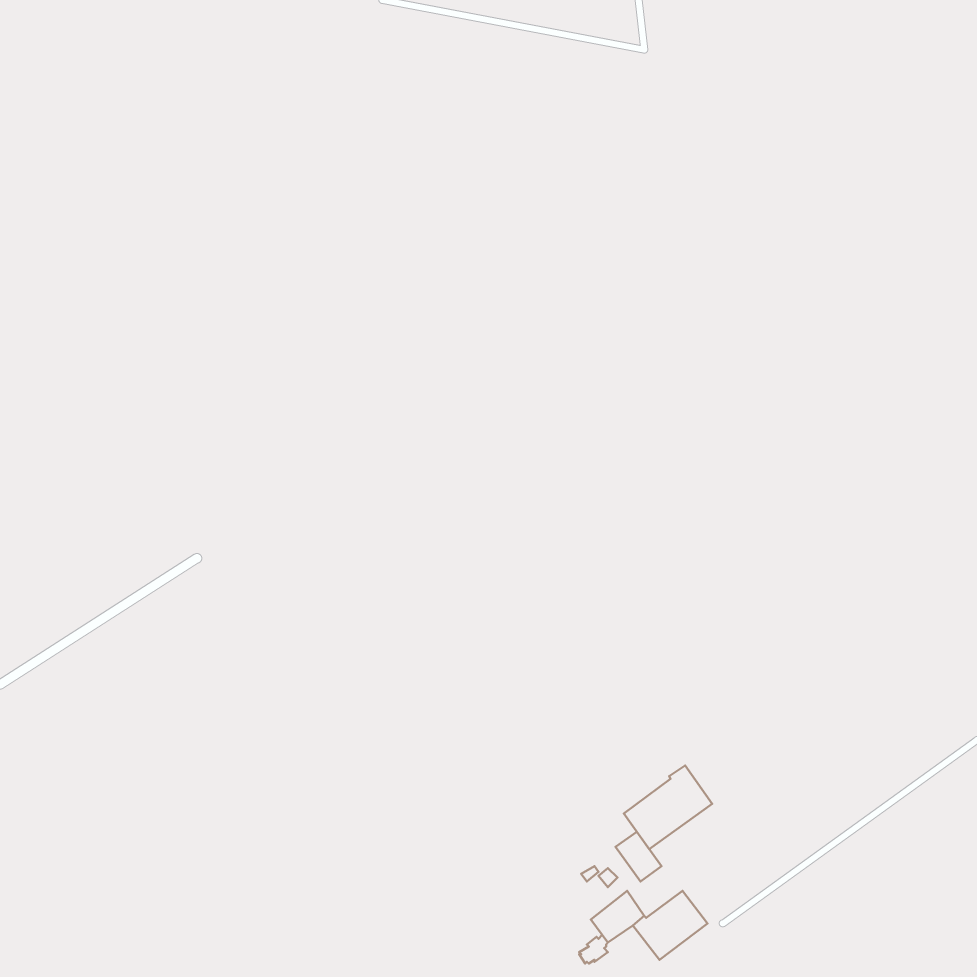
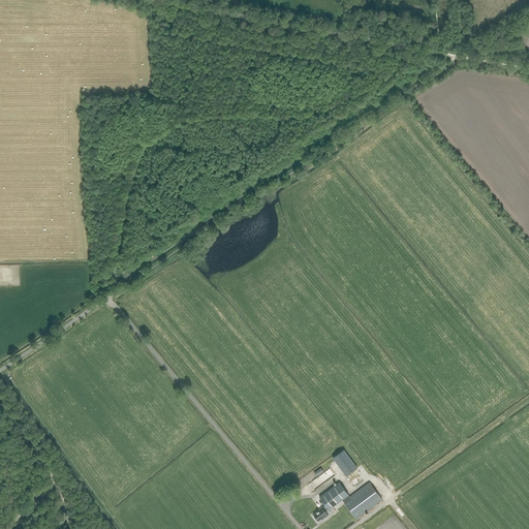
building: [624,766,712,849] -> none

